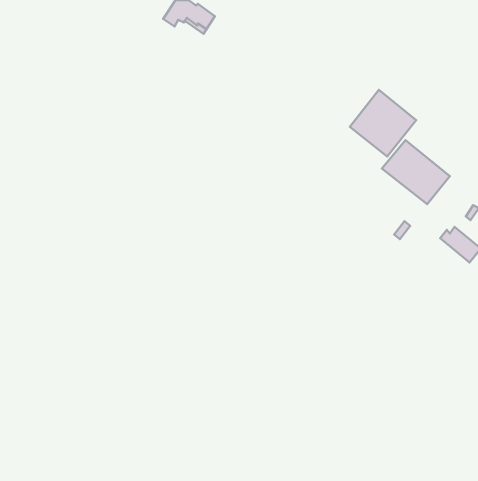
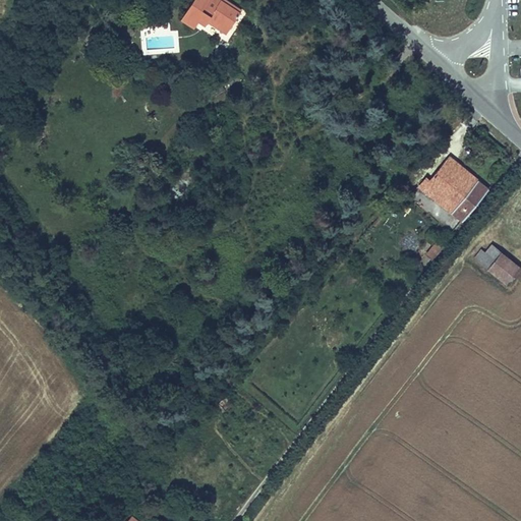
building: [350,90,416,156] -> none

